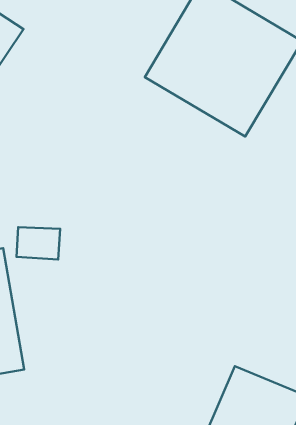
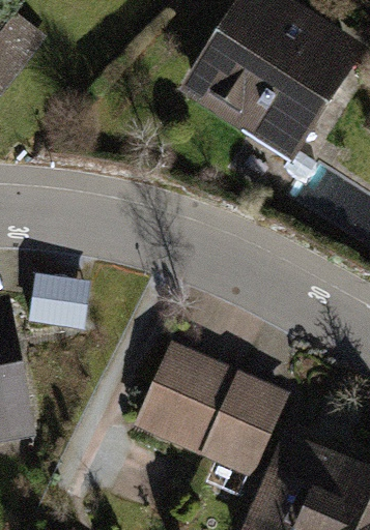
building: none -> [134,346,291,481]

